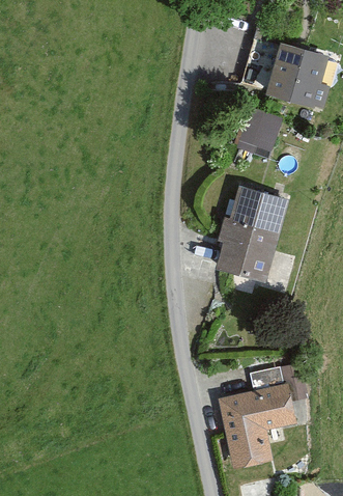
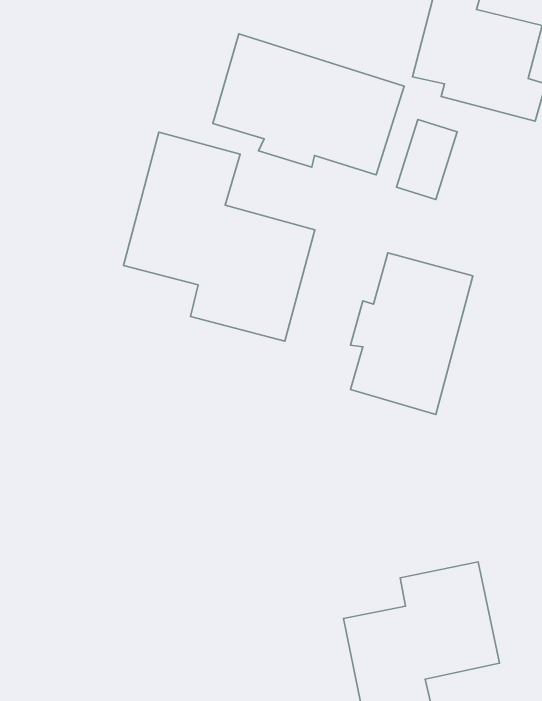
building: none -> [213,34,404,175]
building: none -> [123,132,315,341]

